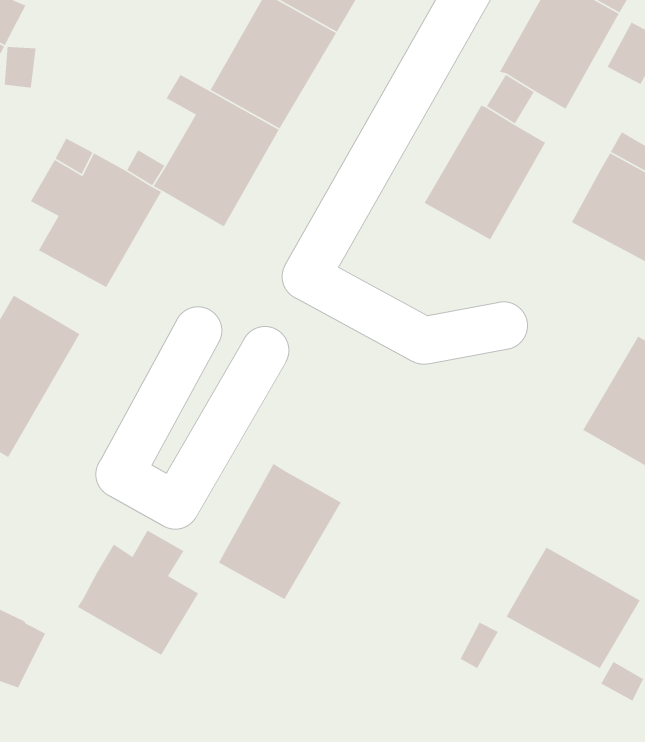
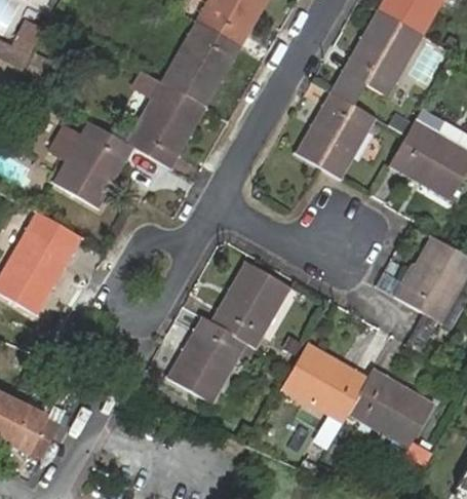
building: none -> [209,261,287,346]
building: none -> [282,346,366,420]
building: [77,529,199,656] -> none

